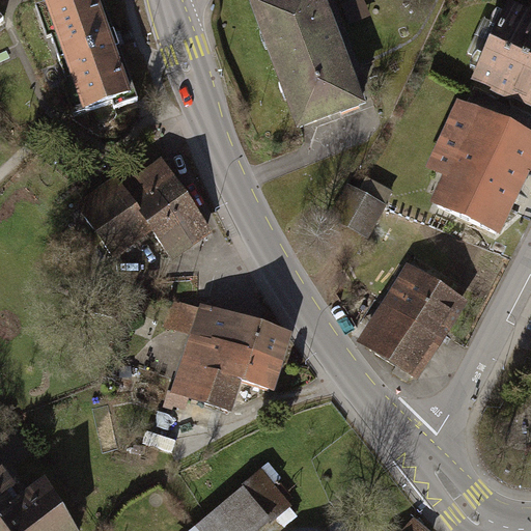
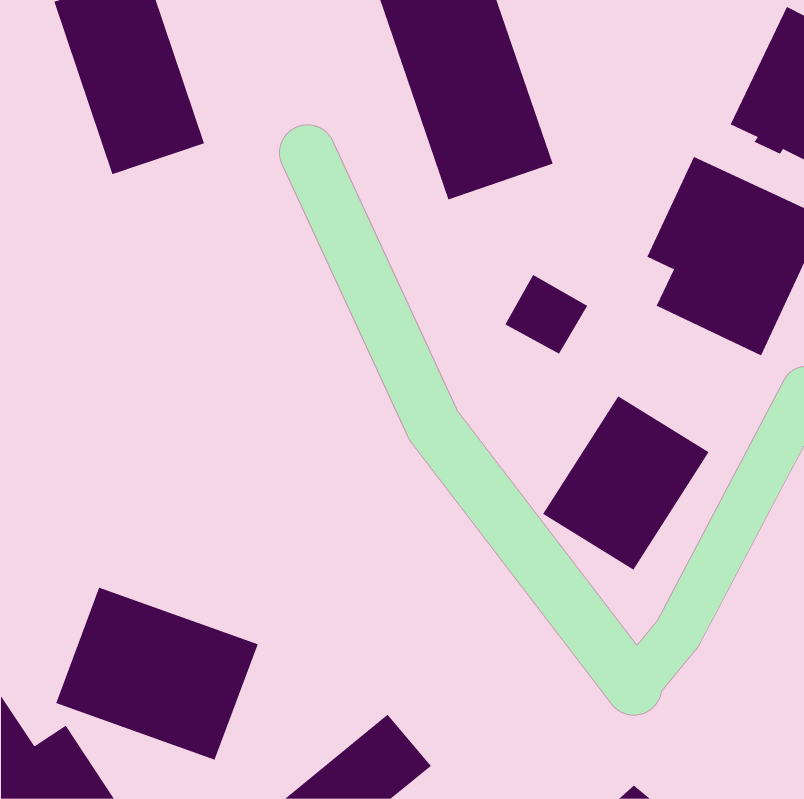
building: [69,147,219,260] -> none
building: [167,295,295,418] -> none
building: none -> [55,587,259,760]

